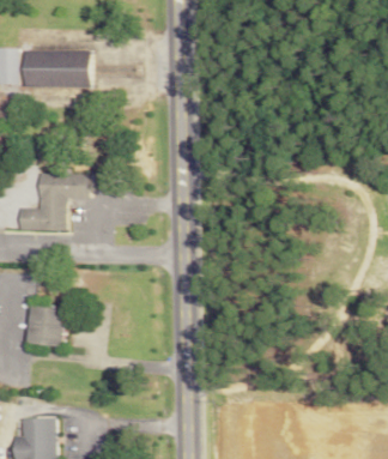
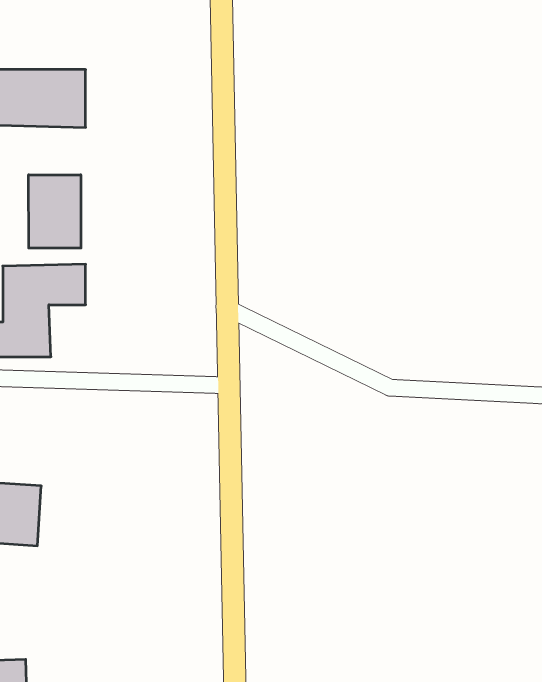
building: none -> [29,175,81,248]

